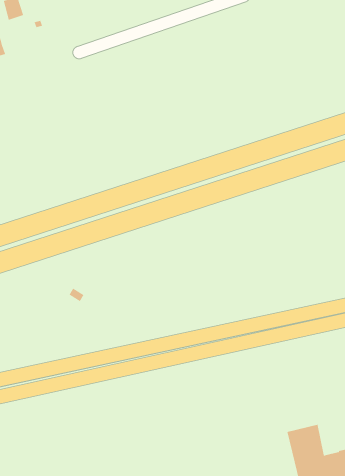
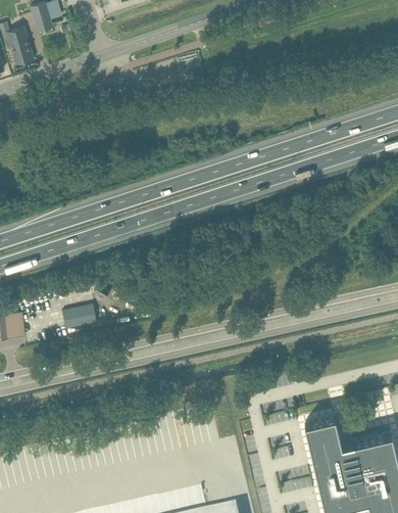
building: none -> [62,308,97,328]

